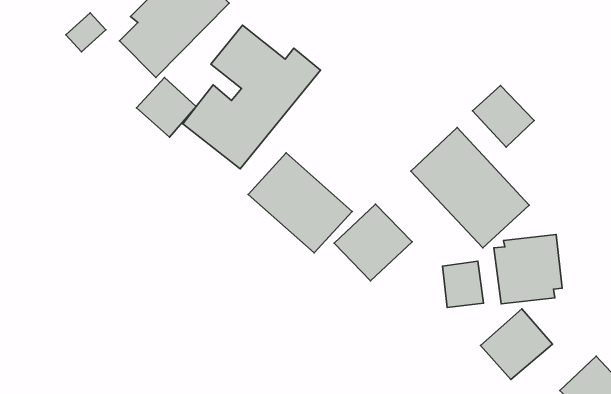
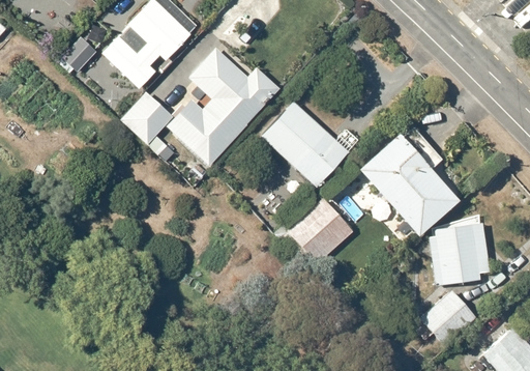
building: [473,85,534,147] -> none
building: [248,153,352,253] -> [260,101,348,186]
building: [443,261,483,307] -> none

